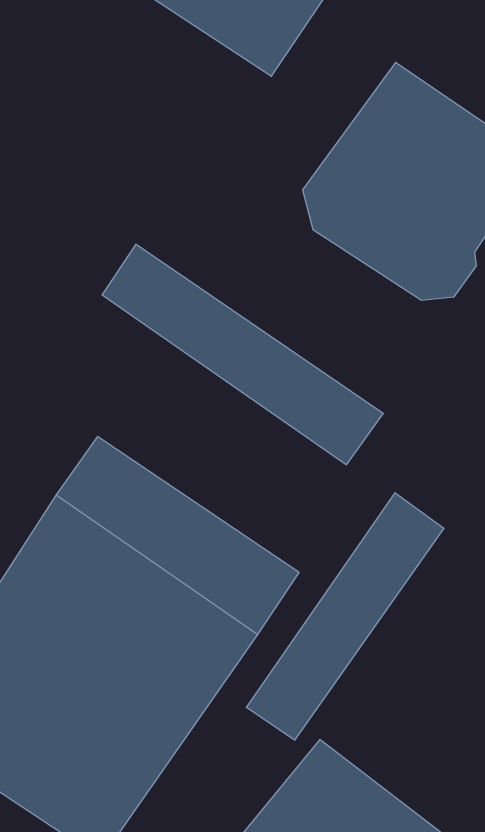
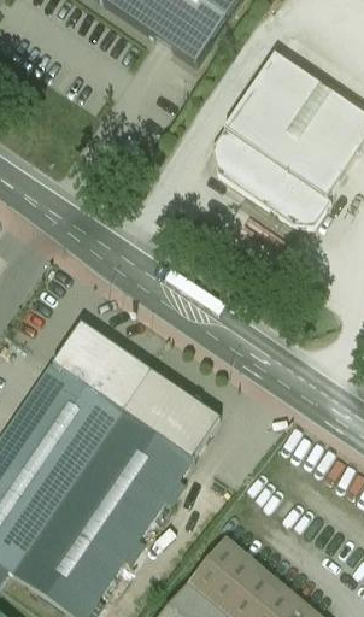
building: [102,244,383,465] -> none
building: [246,493,444,740] -> none

